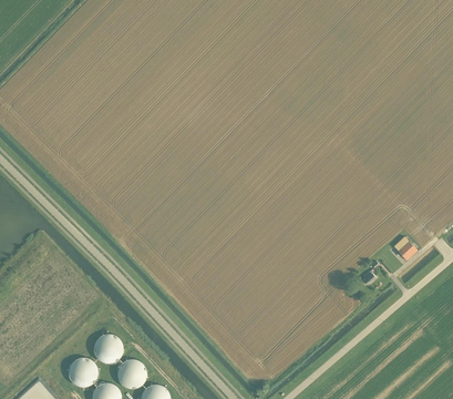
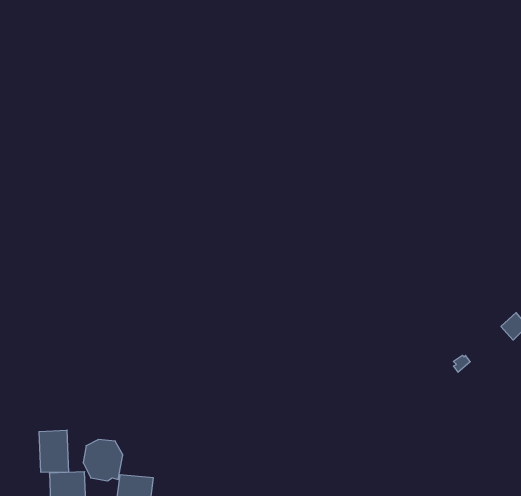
building: none -> [39,430,69,472]

